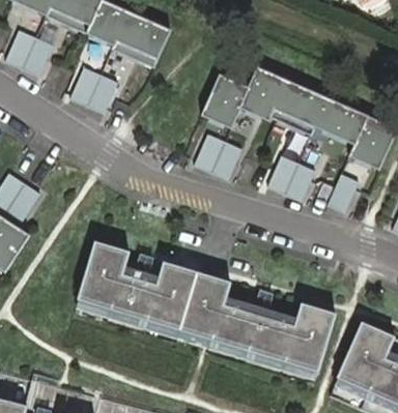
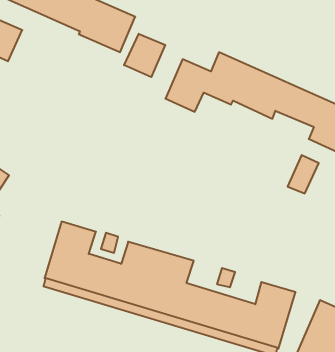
building: none -> [124,34,165,77]
building: [70,67,118,113] -> none
building: [194,134,241,180] -> none
building: [266,155,315,202] -> none

